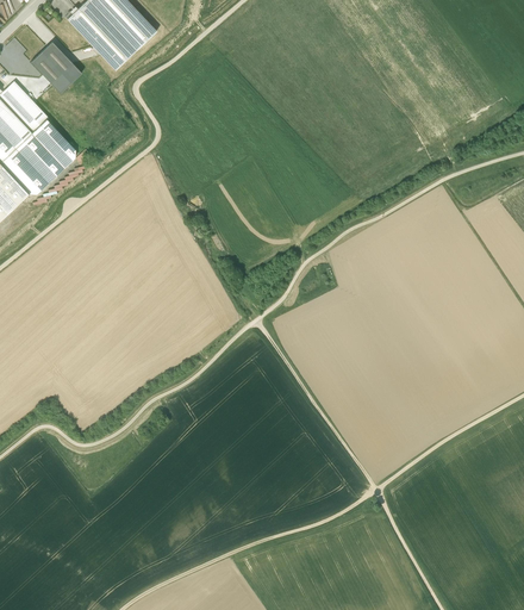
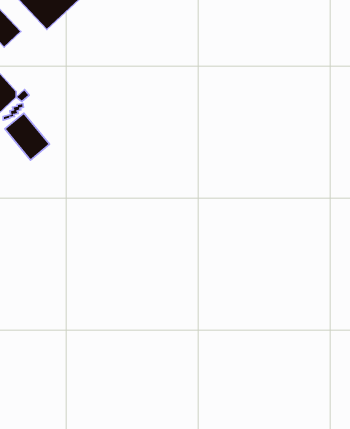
building: none -> [5,113,49,160]

